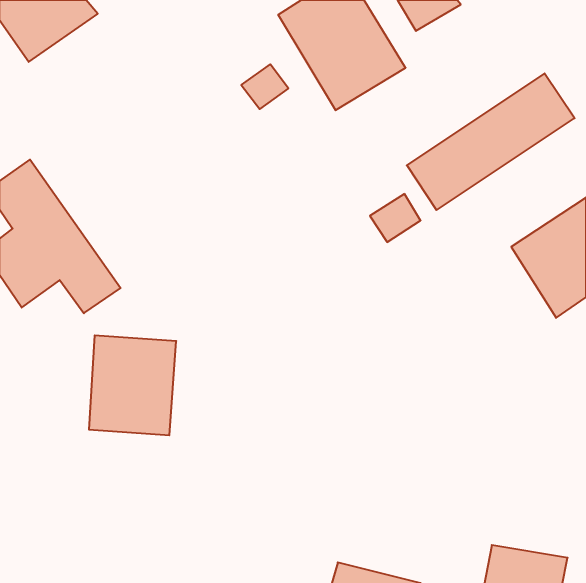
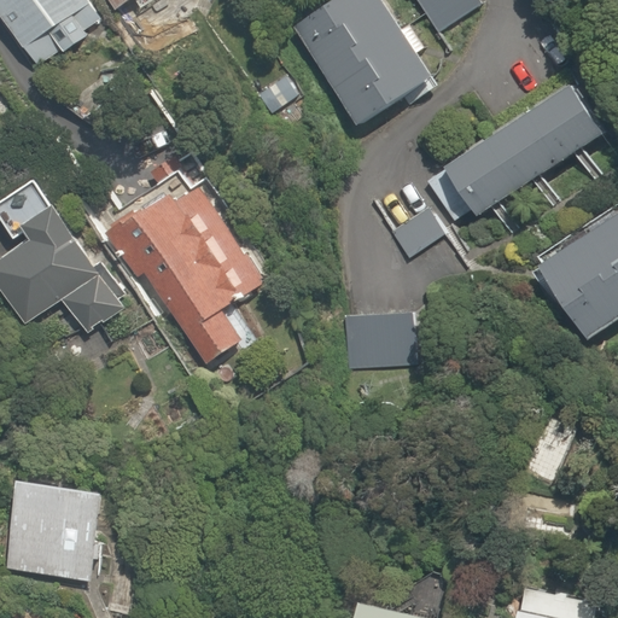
building: none -> [101,174,270,367]
building: none -> [344,316,413,371]
building: [89,335,176,435] -> [8,473,100,578]

